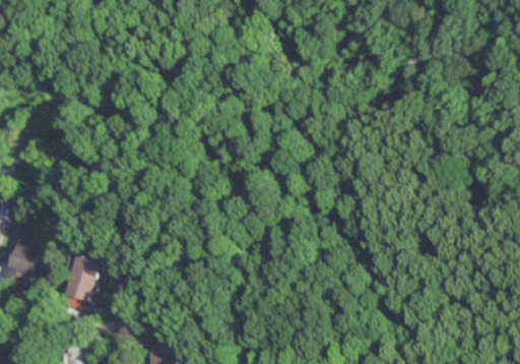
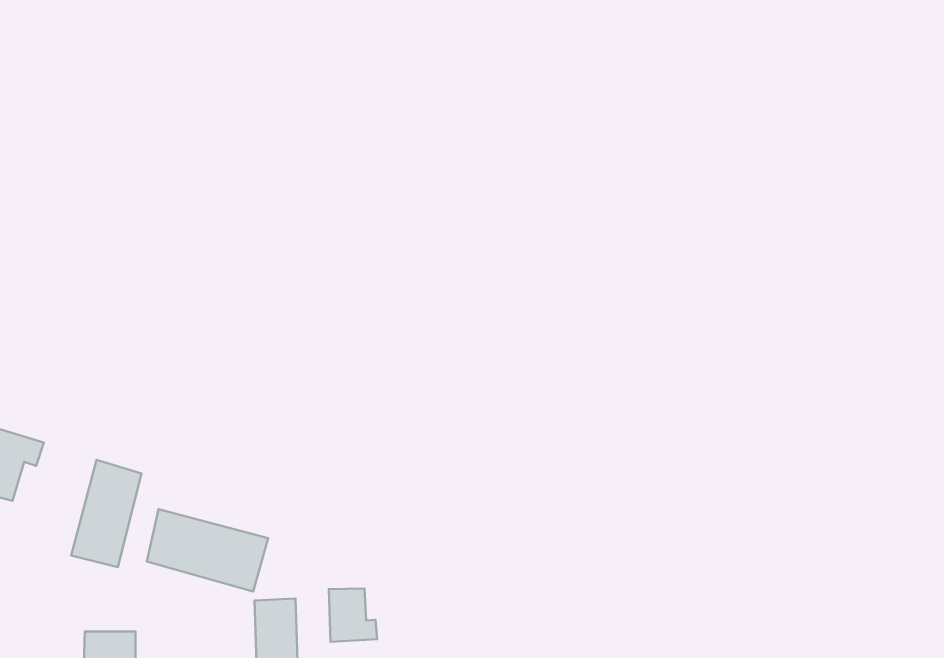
building: none -> [147,509,268,592]
building: none -> [329,588,377,642]

